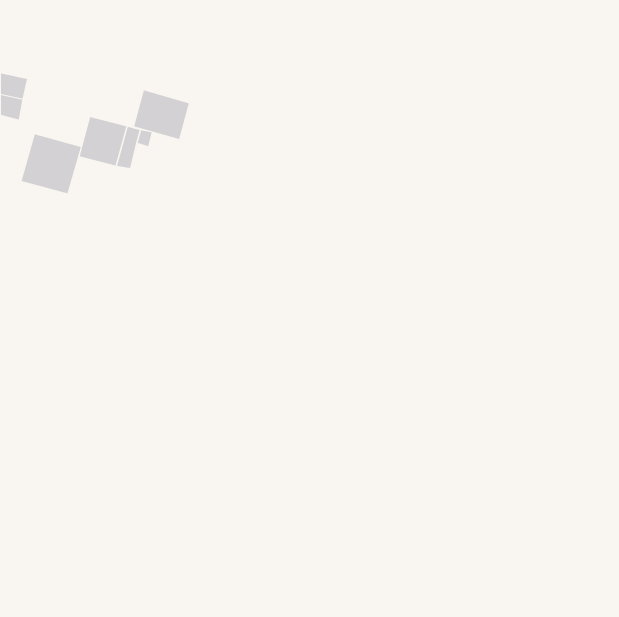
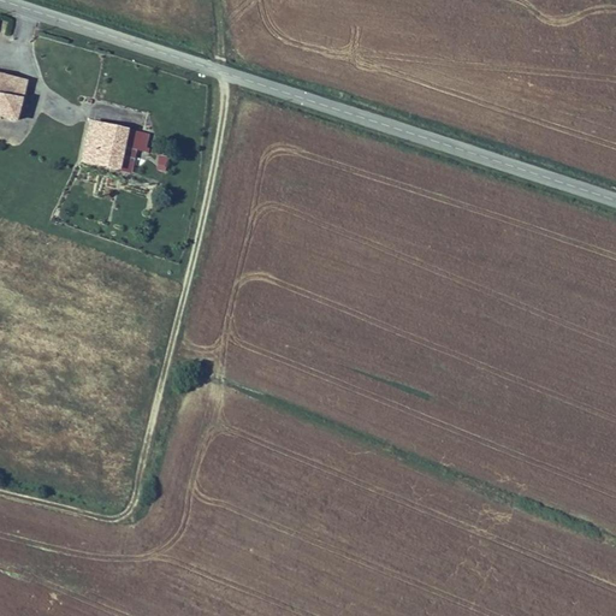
building: [134,90,190,140] -> none
building: [21,134,81,194] -> none

